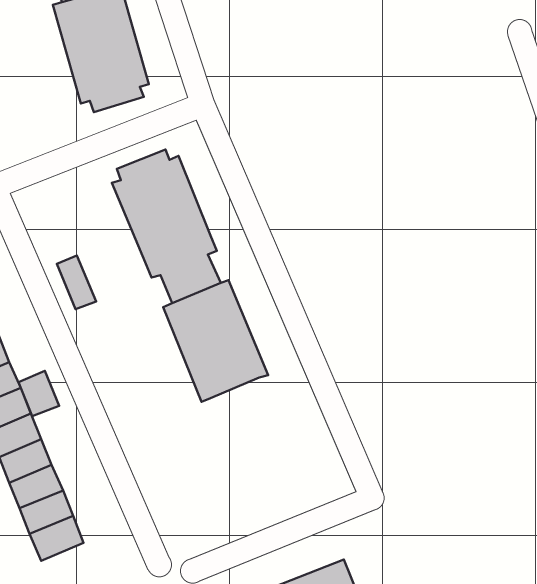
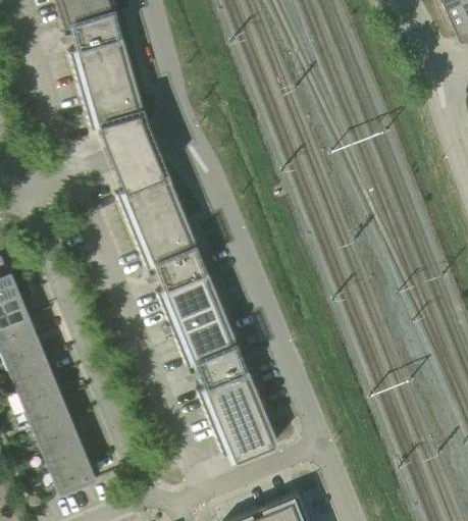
building: none -> [103,124,160,181]
building: [57,255,96,309] -> none
building: [19,371,59,416] -> none
building: none -> [196,348,277,462]

